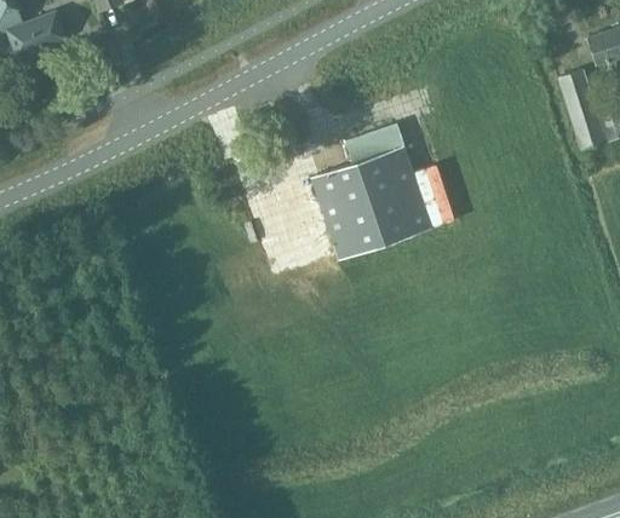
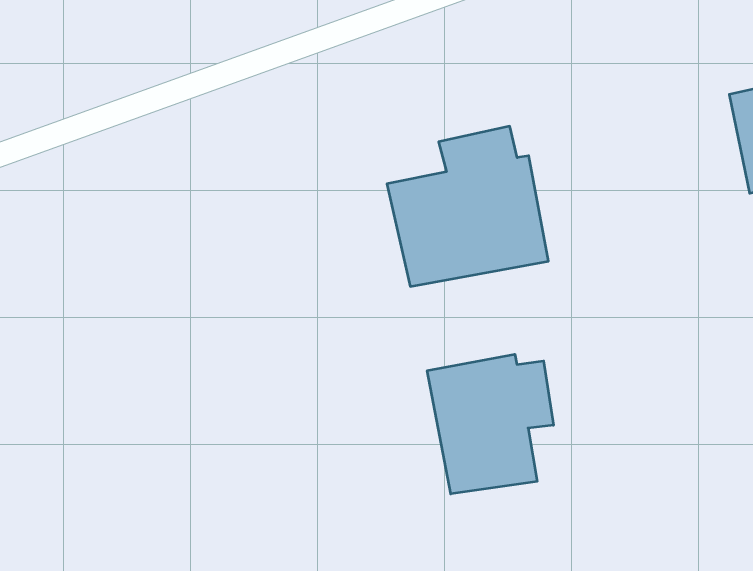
building: none -> [427,354,553,494]

